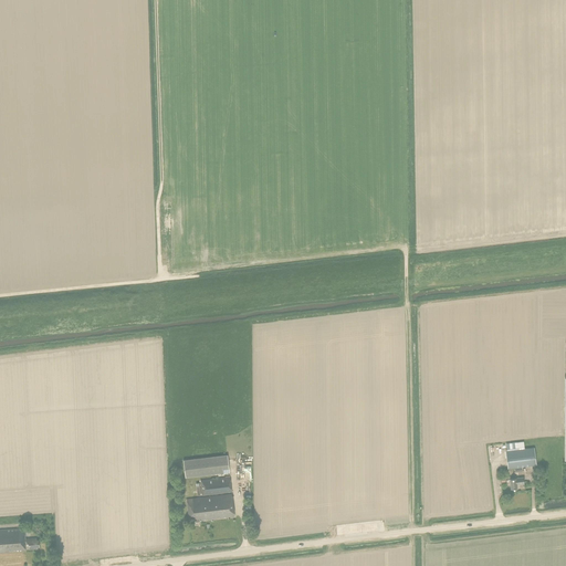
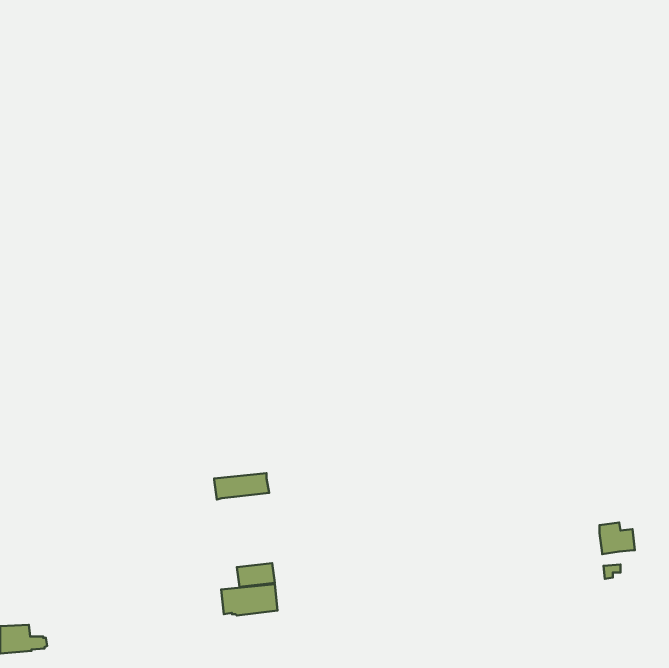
building: [184,454,230,476] -> [214,473,269,499]

